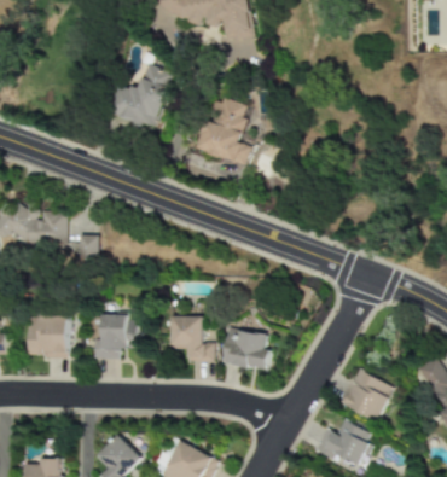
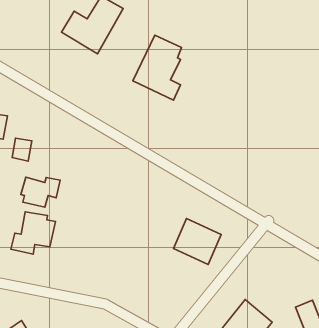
building: none -> [21,177,60,207]
building: [170,315,214,362] -> none
building: [222,326,272,372] -> [173,219,221,264]

